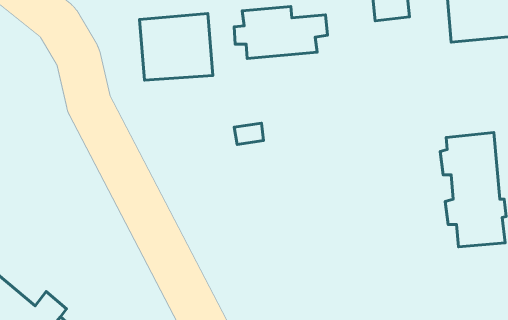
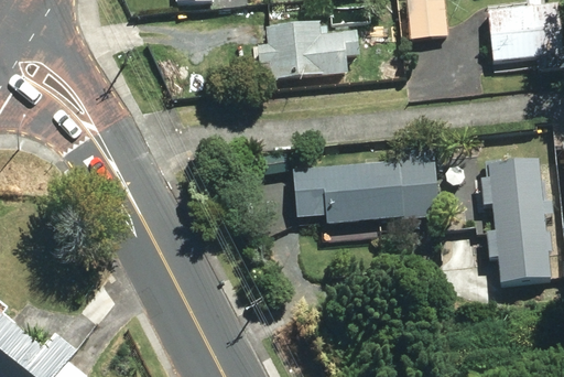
building: [140,14,213,80] -> none
building: none -> [292,144,437,222]

